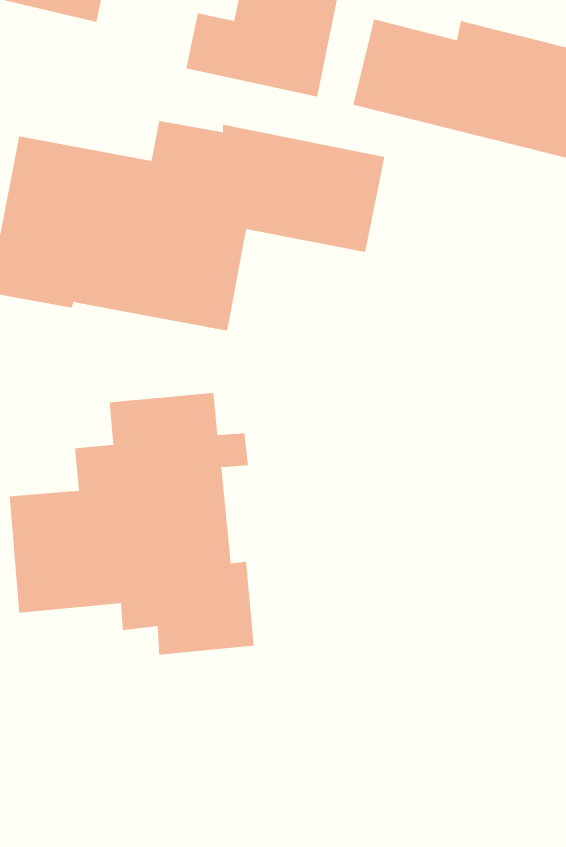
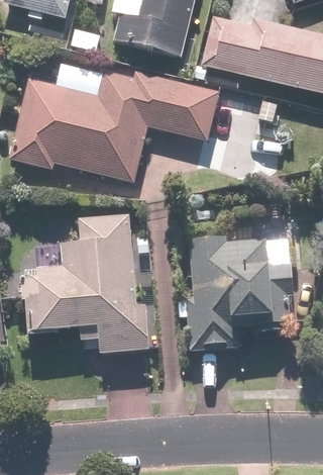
building: none -> [186,235,293,346]

